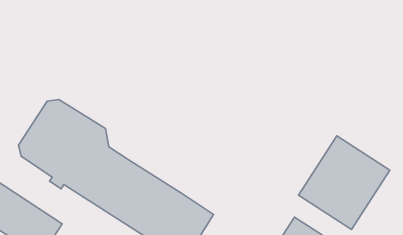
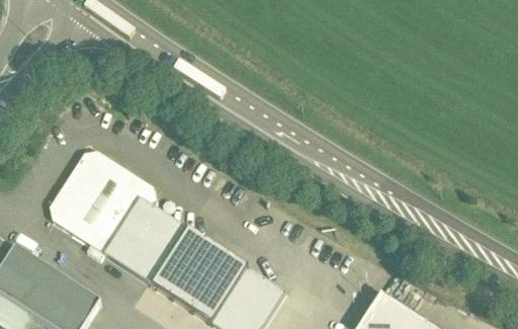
building: [298,136,390,229] -> none

